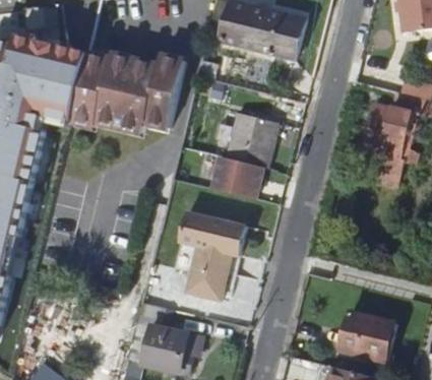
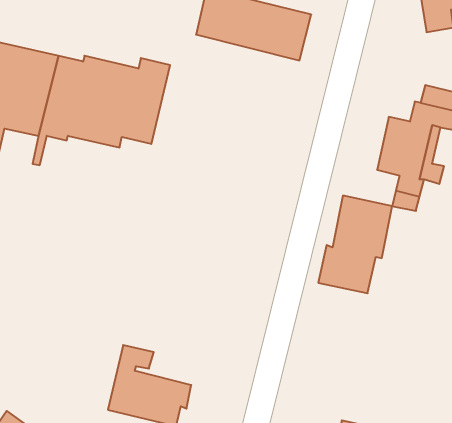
building: [210,114,274,198] -> [318,196,392,293]
building: [173,211,246,300] -> none
building: [337,312,393,361] -> none

